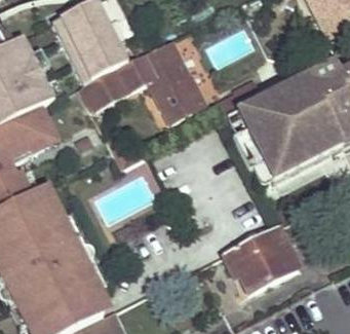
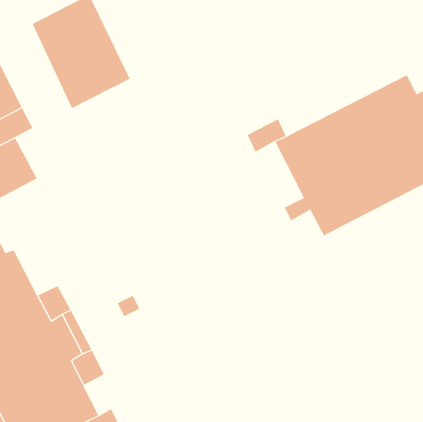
building: [78,40,205,123] -> none
building: [223,227,298,294] -> none

